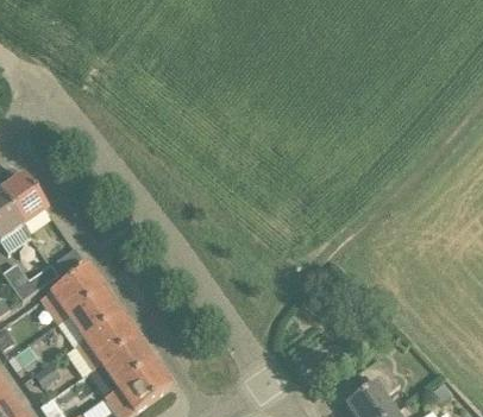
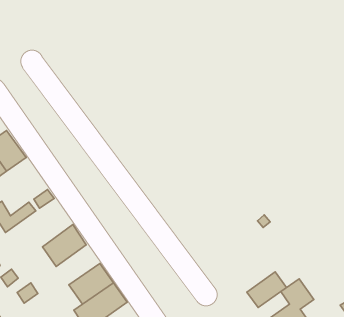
building: [43,265,106,323] -> none
building: [79,315,139,369] -> none
building: none -> [247,272,287,308]

